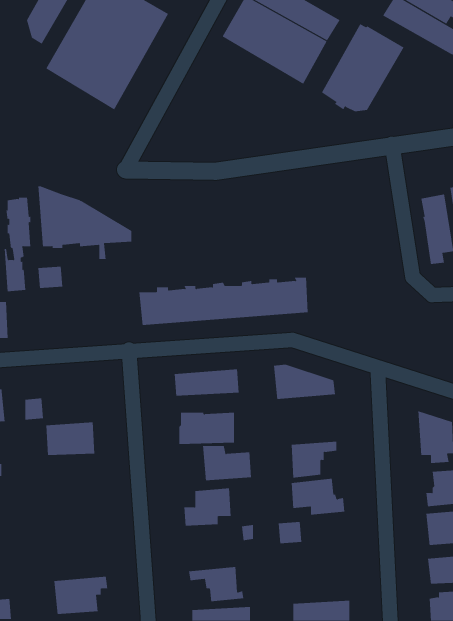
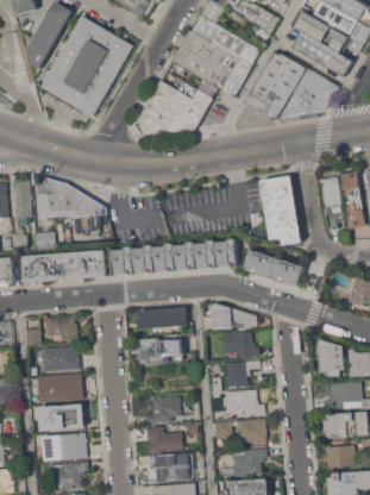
building: none -> [280,69,337,117]
building: none -> [133,79,212,133]
building: none -> [257,175,302,248]
building: none -> [244,249,302,287]
building: none -> [21,250,105,281]
building: none -> [43,315,76,342]
building: none -> [221,332,256,357]
building: [202,445,252,481] -> [144,427,181,453]
building: none -> [35,372,82,401]
building: none -> [38,403,83,430]
building: none -> [234,416,265,441]
building: none -> [42,433,84,459]
building: none -> [217,447,265,475]

